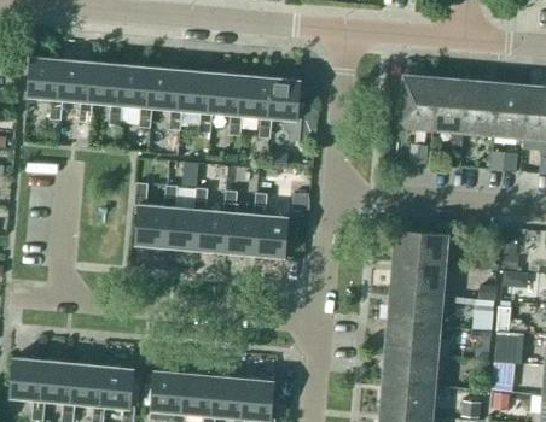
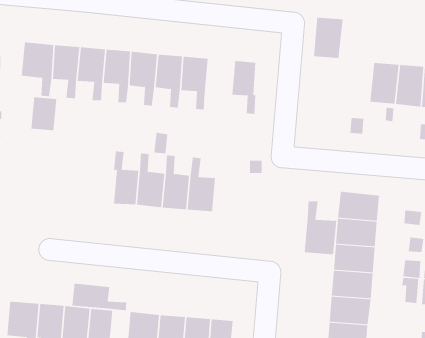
building: [242,76,275,139] -> none
building: [402,78,437,127] -> [313,17,343,59]
building: none -> [31,97,57,131]
building: [250,194,289,257] -> [304,201,337,255]
building: none -> [72,283,127,311]

